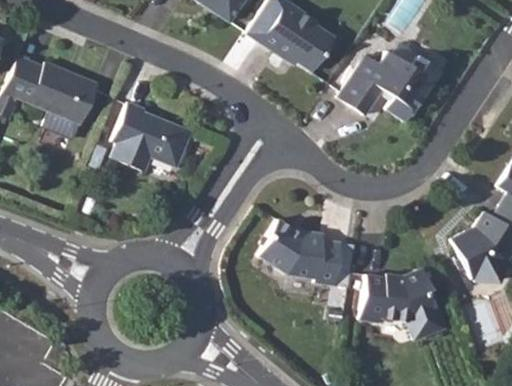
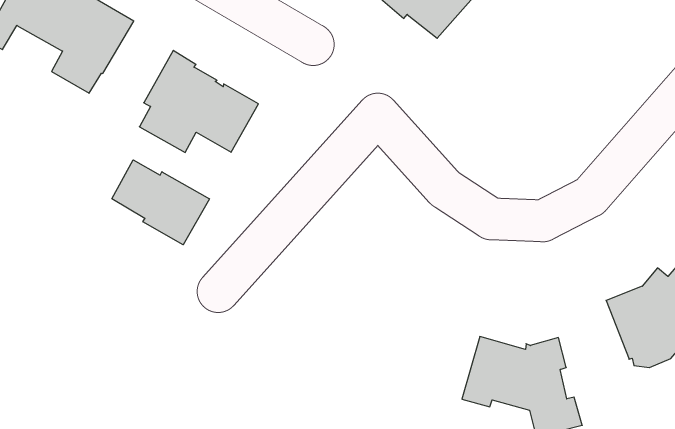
building: [339,50,440,121] -> none
building: none -> [112,160,209,245]
building: [259,219,341,285] -> none

